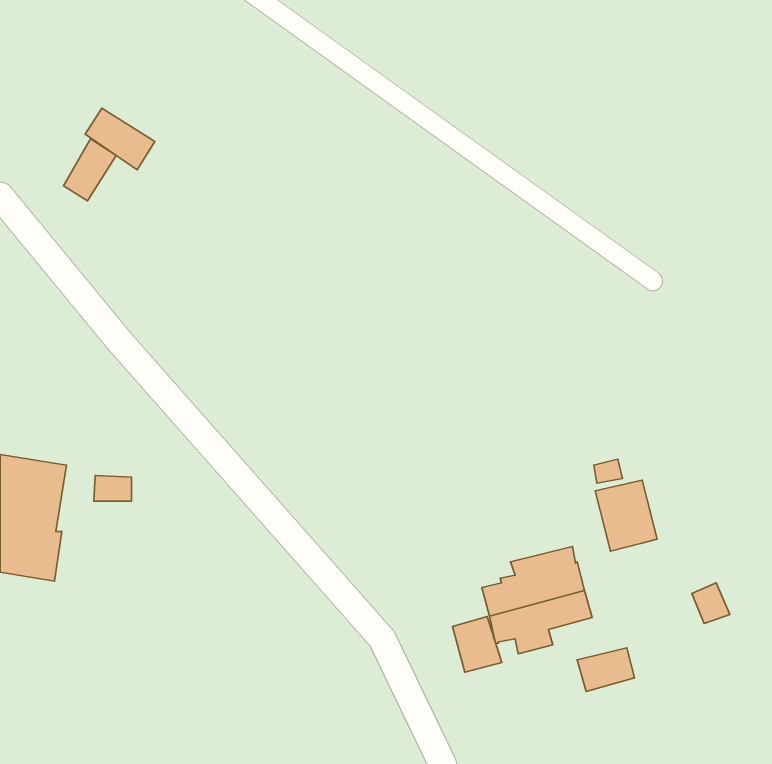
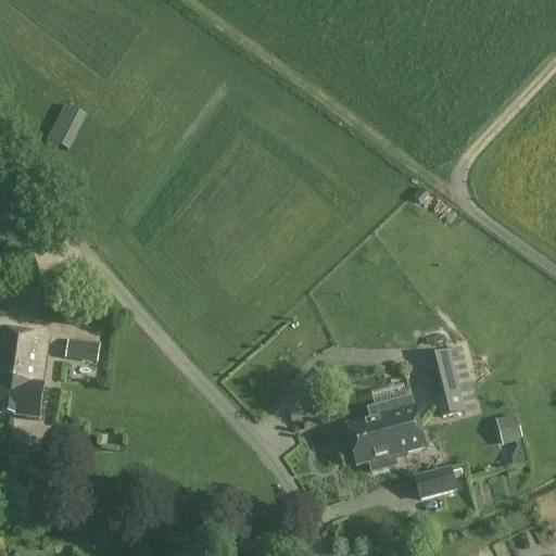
building: [85,108,155,170] -> none
building: none -> [439,388,477,414]
building: [453,616,502,672] -> none

